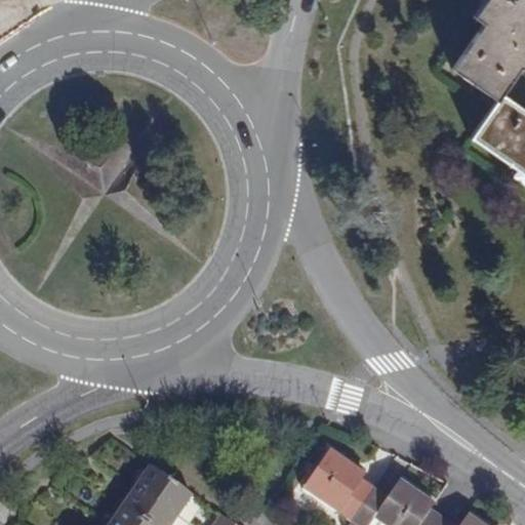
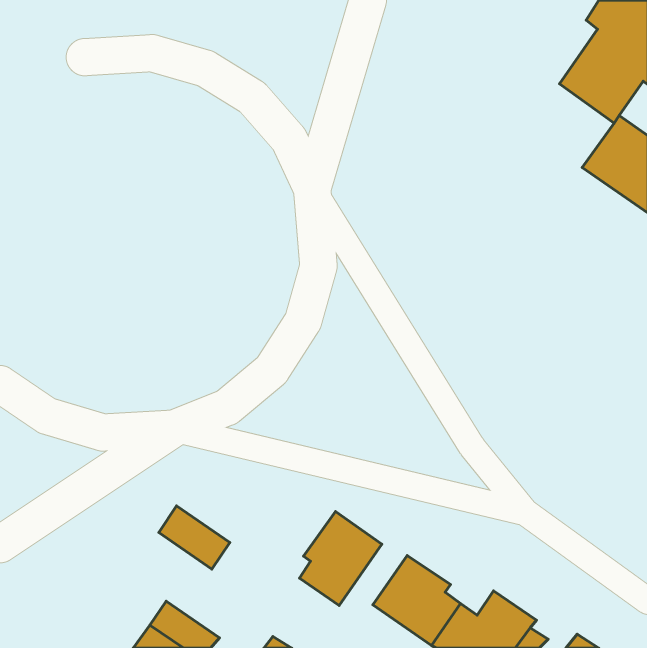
building: none -> [300,512,382,605]
building: [135,465,193,516] -> [159,506,230,569]

